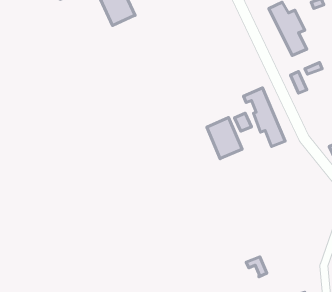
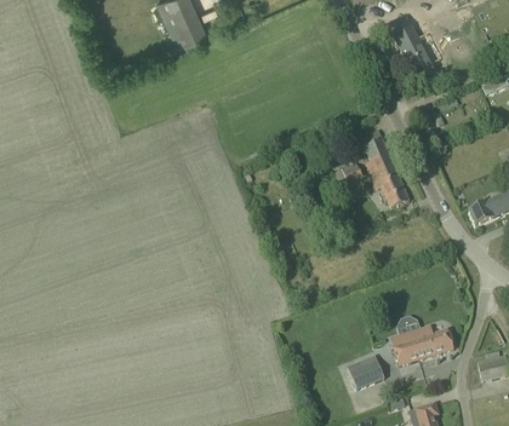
building: [207,118,242,159] -> none
building: none -> [389,329,453,369]

